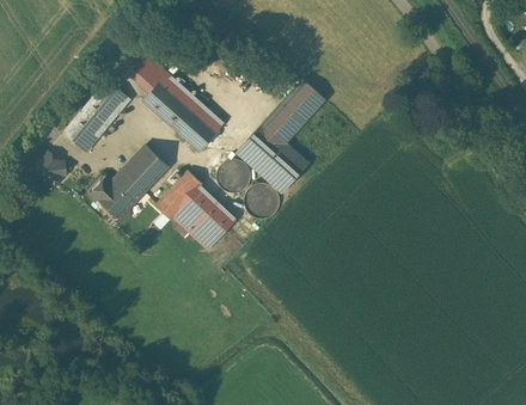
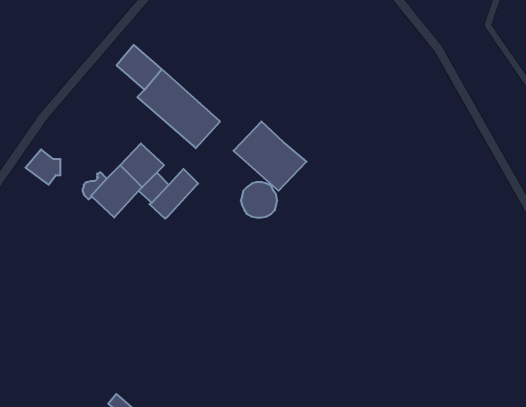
building: [264,80,325,143] -> none
building: [66,81,130,152] -> none
building: [216,159,250,191] -> none
building: [172,186,236,248] -> none

